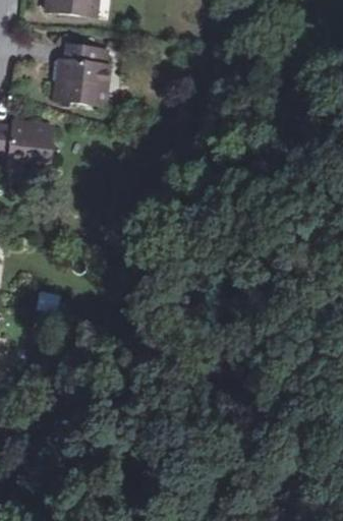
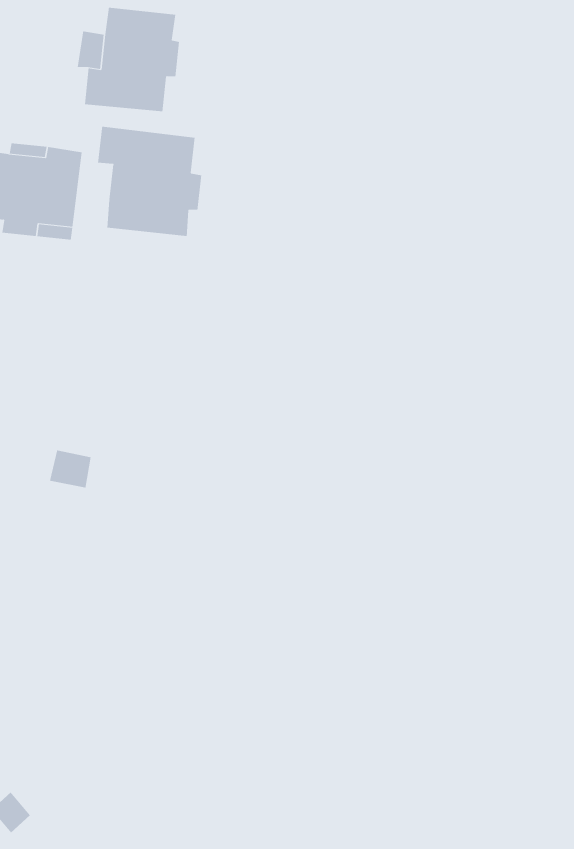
building: none -> [98,126,202,237]

